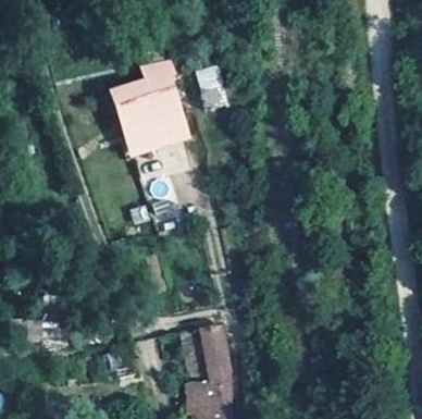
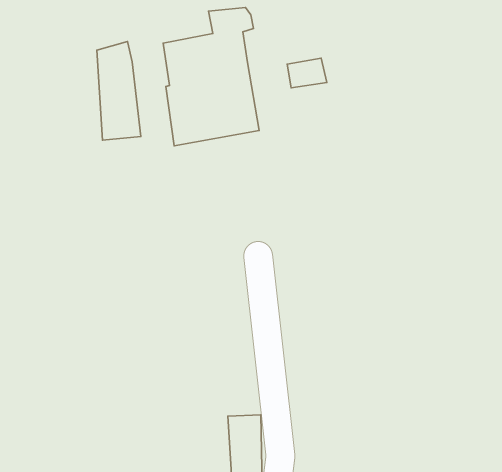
building: none -> [97,41,141,140]

